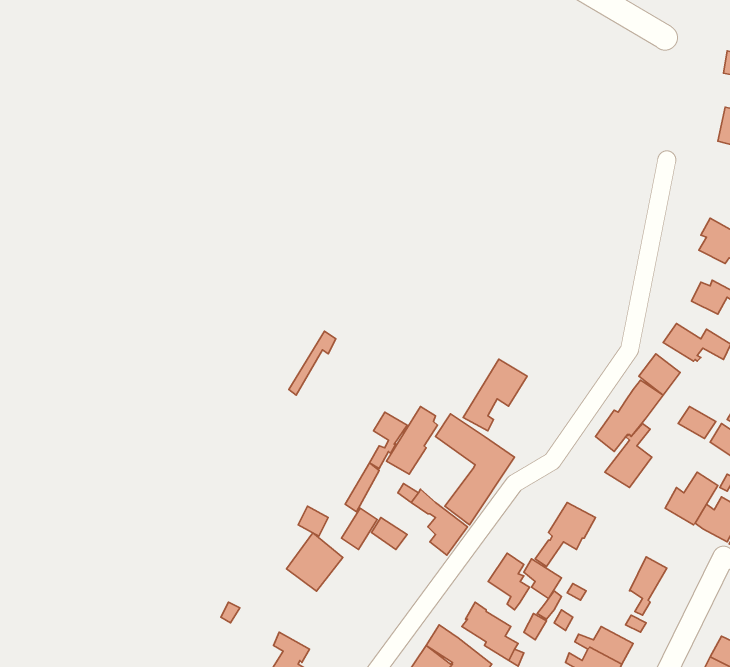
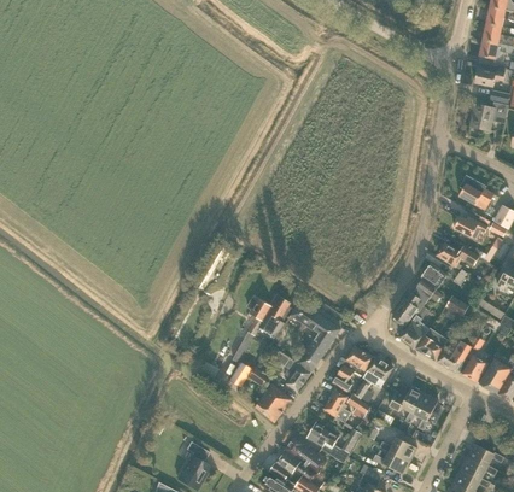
building: [463,359,527,431] -> [332,346,373,392]
building: none -> [415,328,448,362]
building: [286,533,343,591] -> [255,385,291,422]
building: none -> [389,386,425,423]

